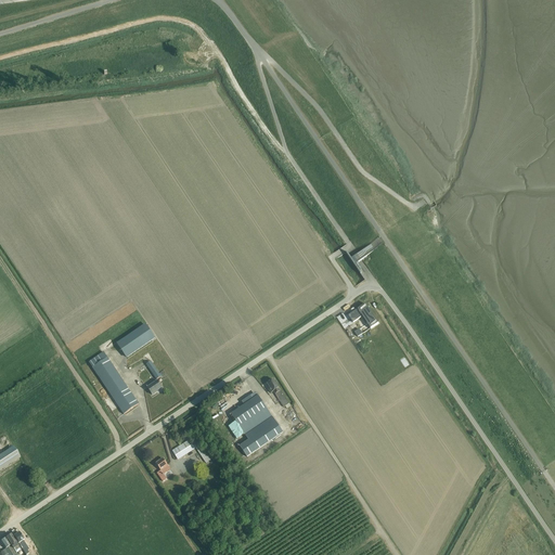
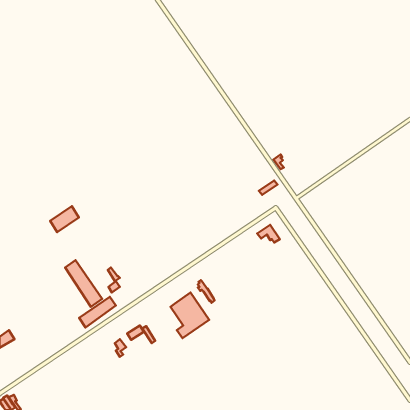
building: [116,322,155,357] -> [50,206,79,232]
building: none -> [79,297,116,328]

